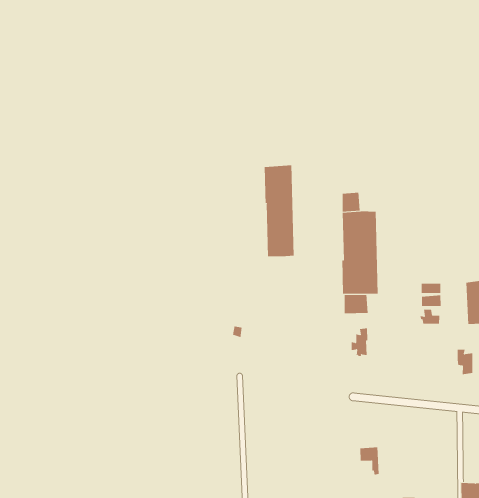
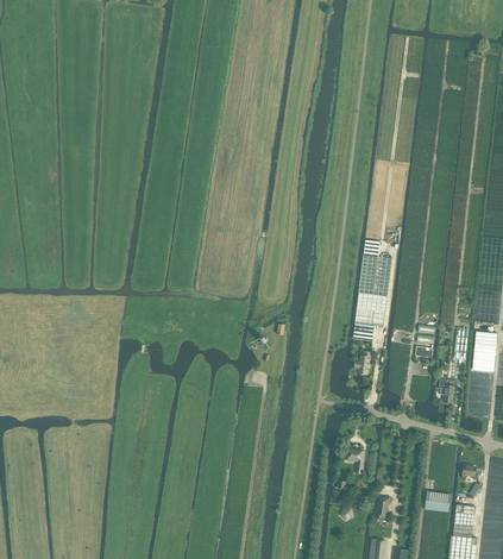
building: [264,164,294,257] -> none

